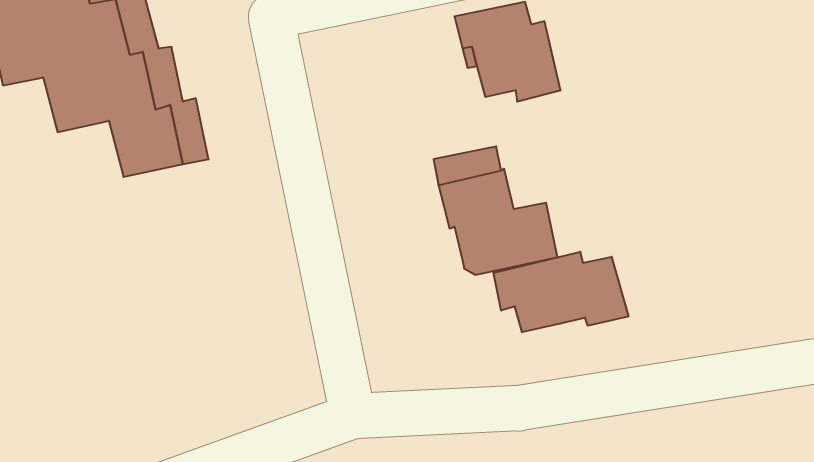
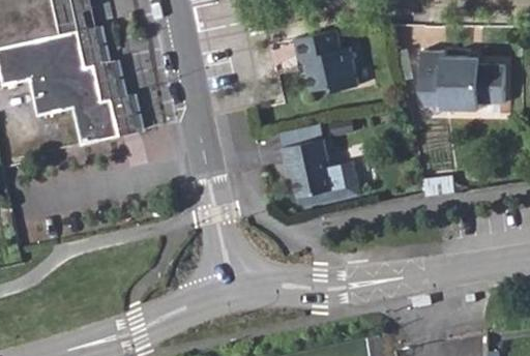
building: none -> [421,48,501,105]
building: [493,252,629,332] -> none

